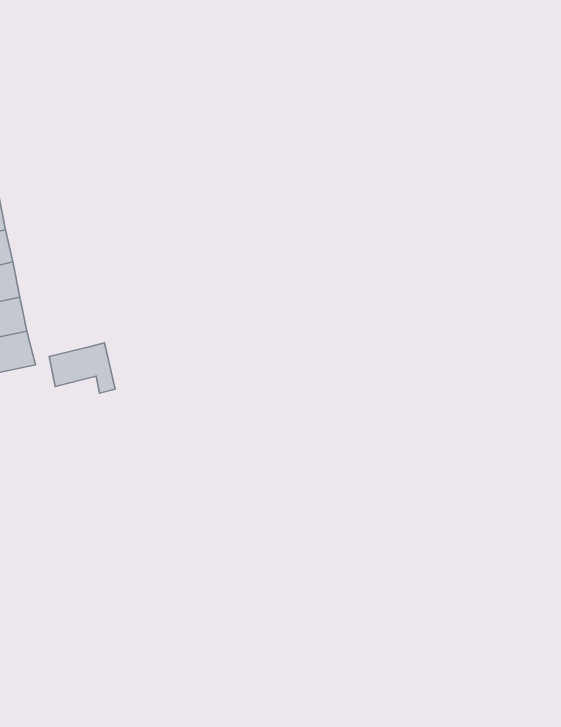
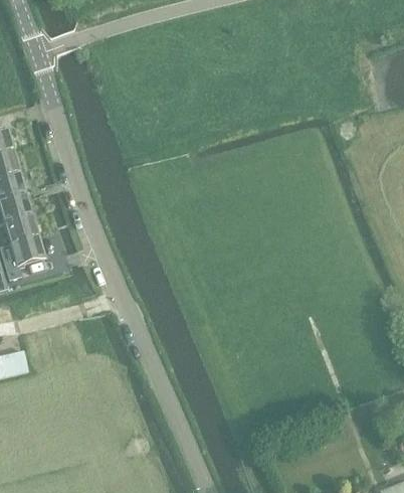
building: [49,343,115,393] -> none

